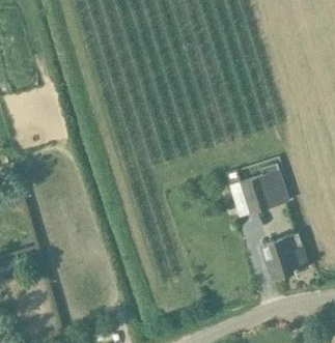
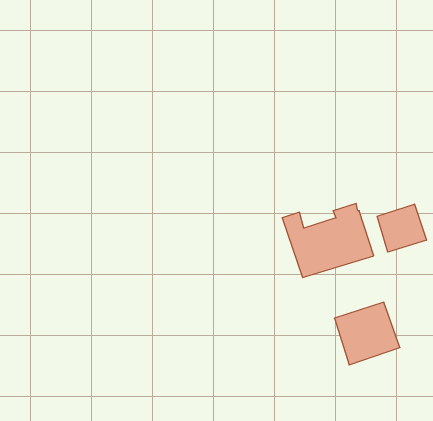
building: none -> [377,204,426,252]

